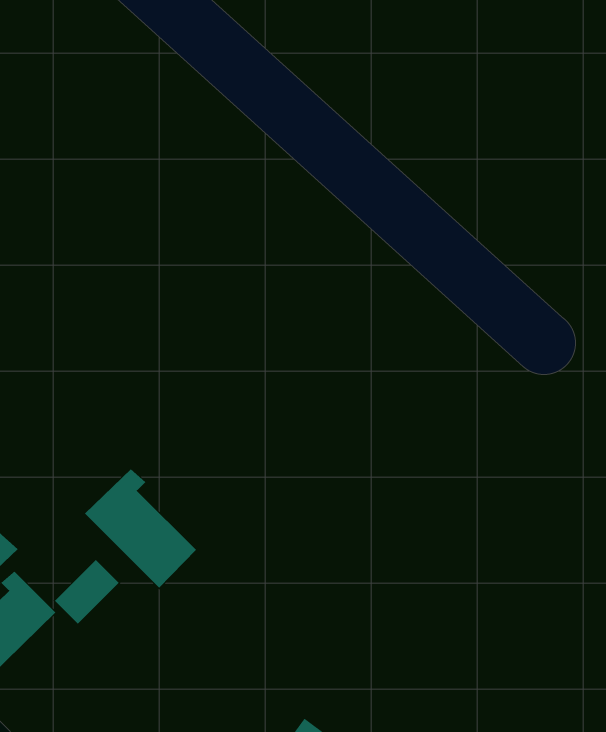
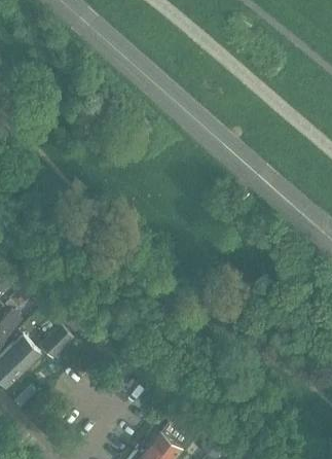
building: [84,468,197,589] -> none

